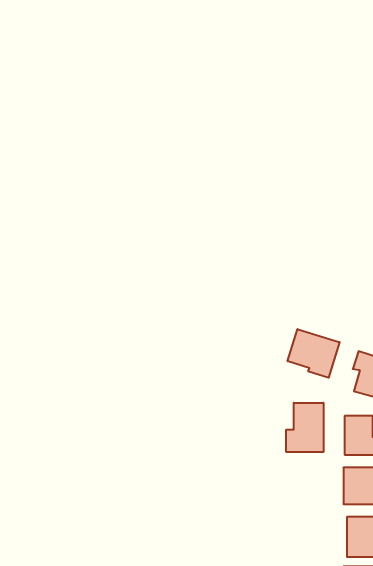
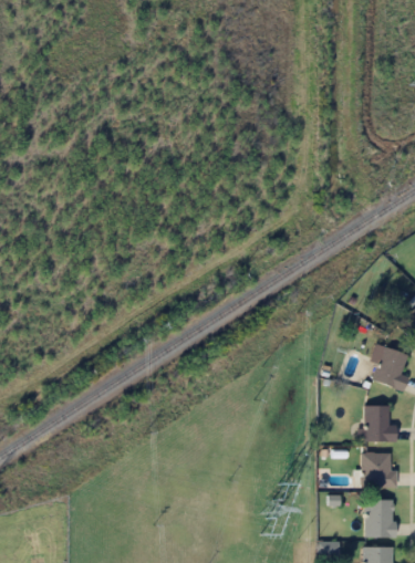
building: [288,329,340,378] -> none
building: [286,403,323,452] -> none

